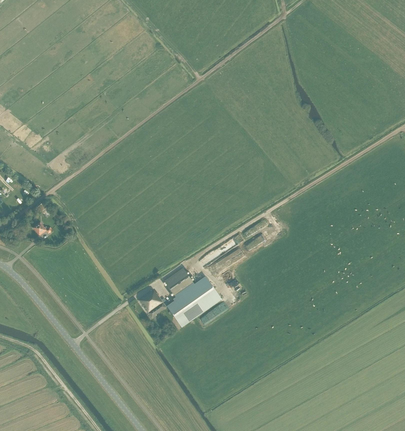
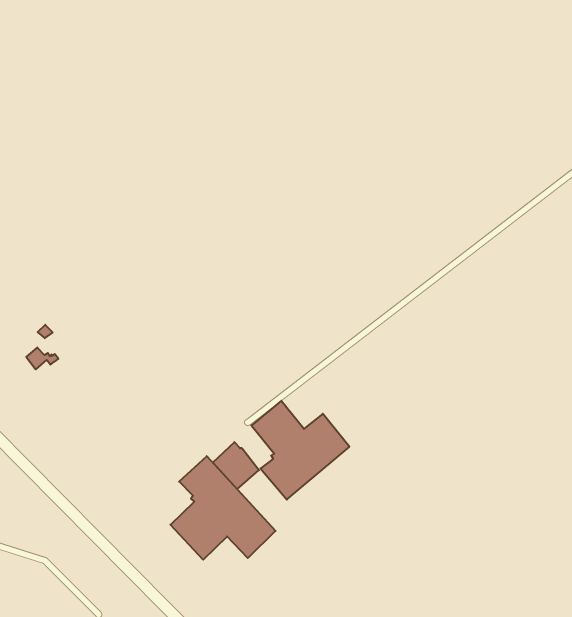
building: none -> [170,456,276,560]

